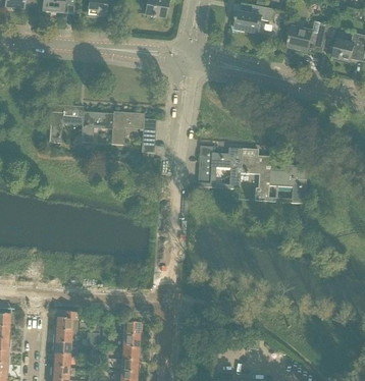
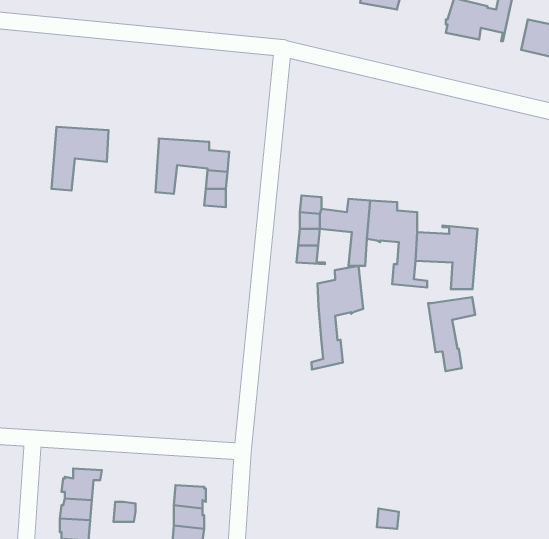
building: [81,106,113,143] -> none
building: none -> [311,266,363,370]
building: none -> [428,297,475,371]

